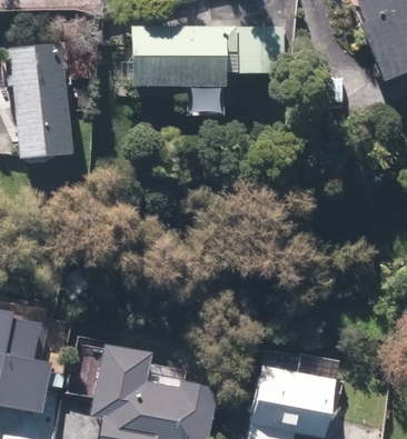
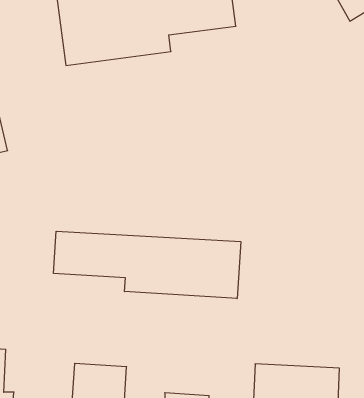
building: none -> [54,231,241,299]

